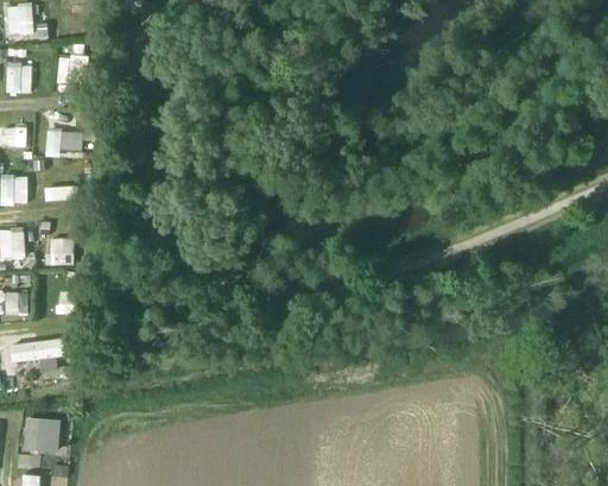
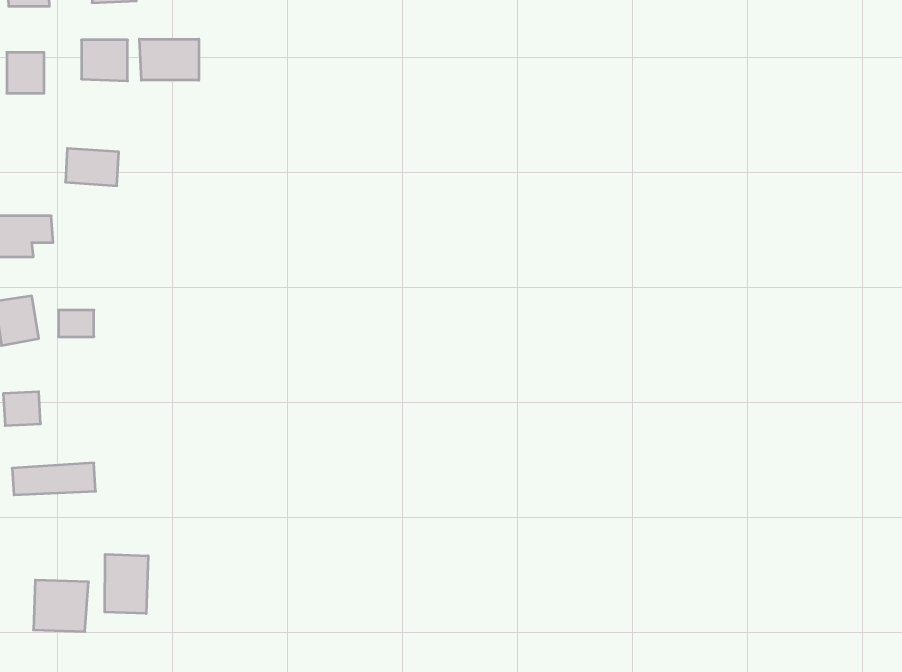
building: none -> [139,39,199,80]
building: none -> [105,554,148,614]

